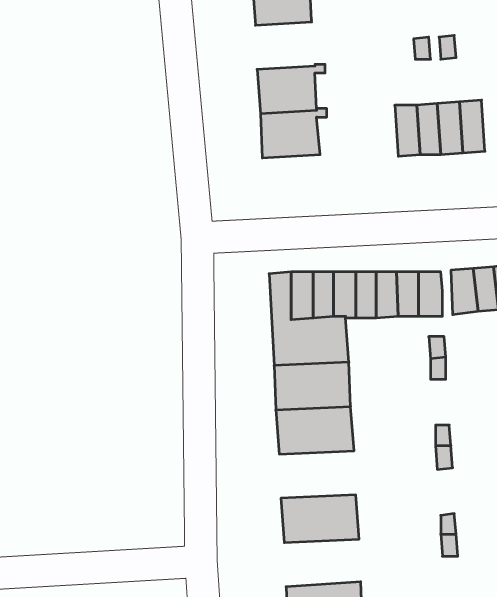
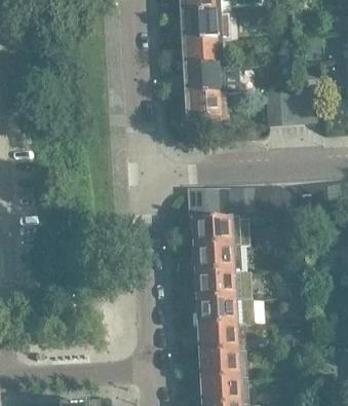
building: none -> [182,37,222,67]
building: none -> [196,297,242,326]
building: none -> [199,350,245,379]

